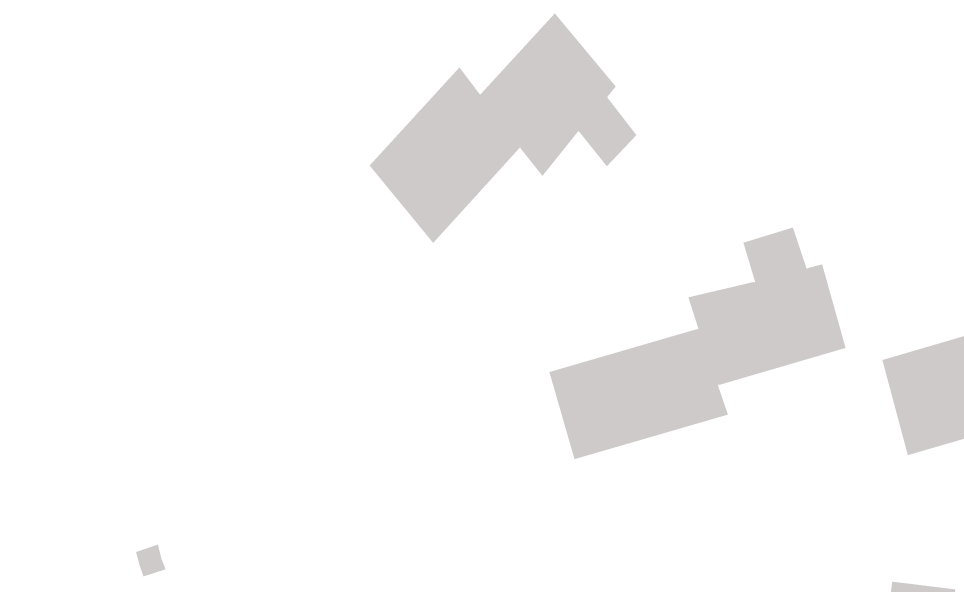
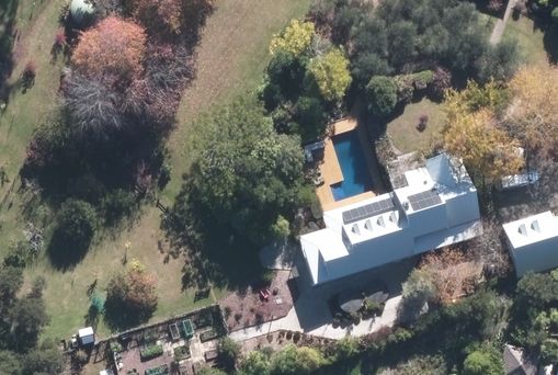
building: [369,13,637,244] -> none

